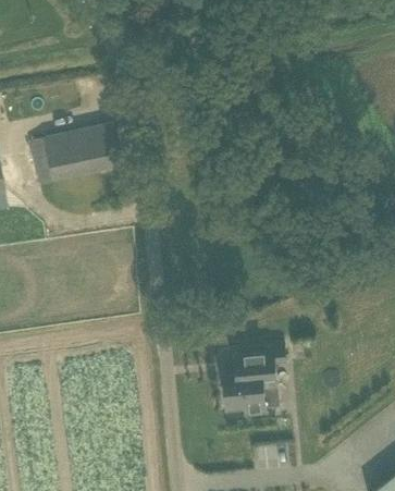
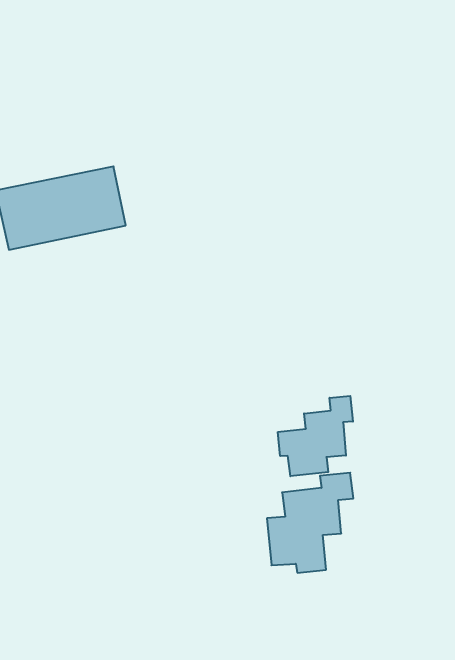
building: none -> [278,396,353,476]

